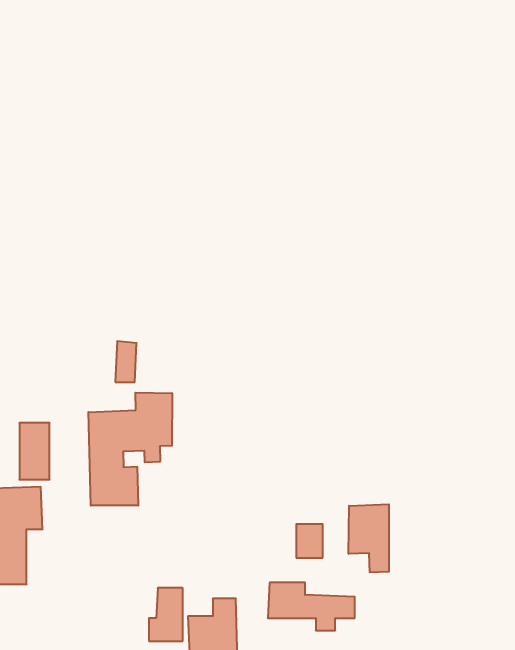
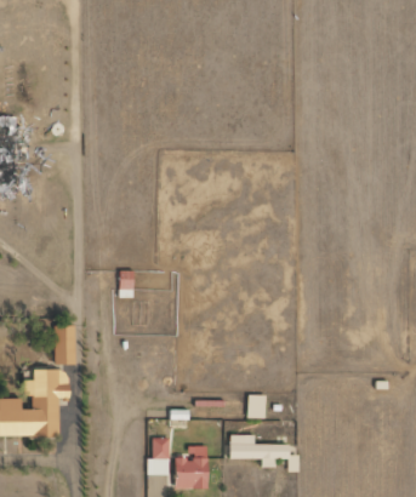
building: [88,393,172,506] -> none
building: [349,504,389,572] -> none

